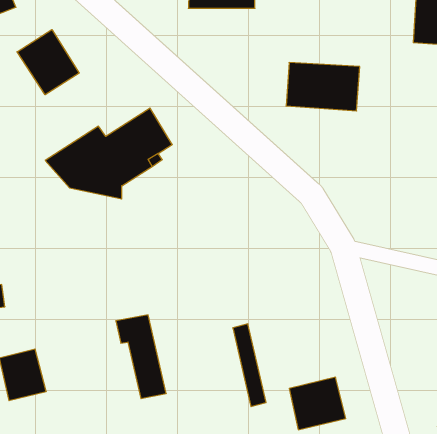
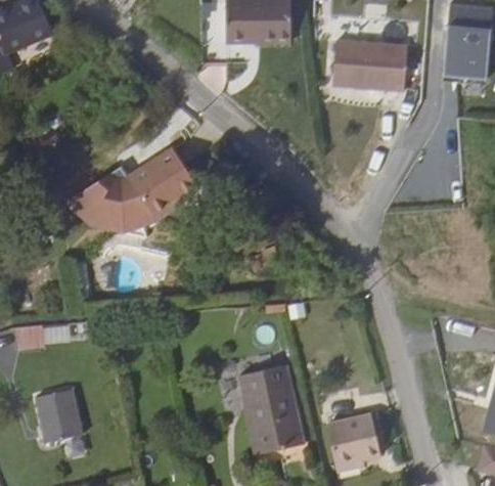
building: [17,30,79,95] -> none
building: [286,63,360,111] -> [340,41,414,90]
building: [116,315,166,399] -> [234,364,285,449]

